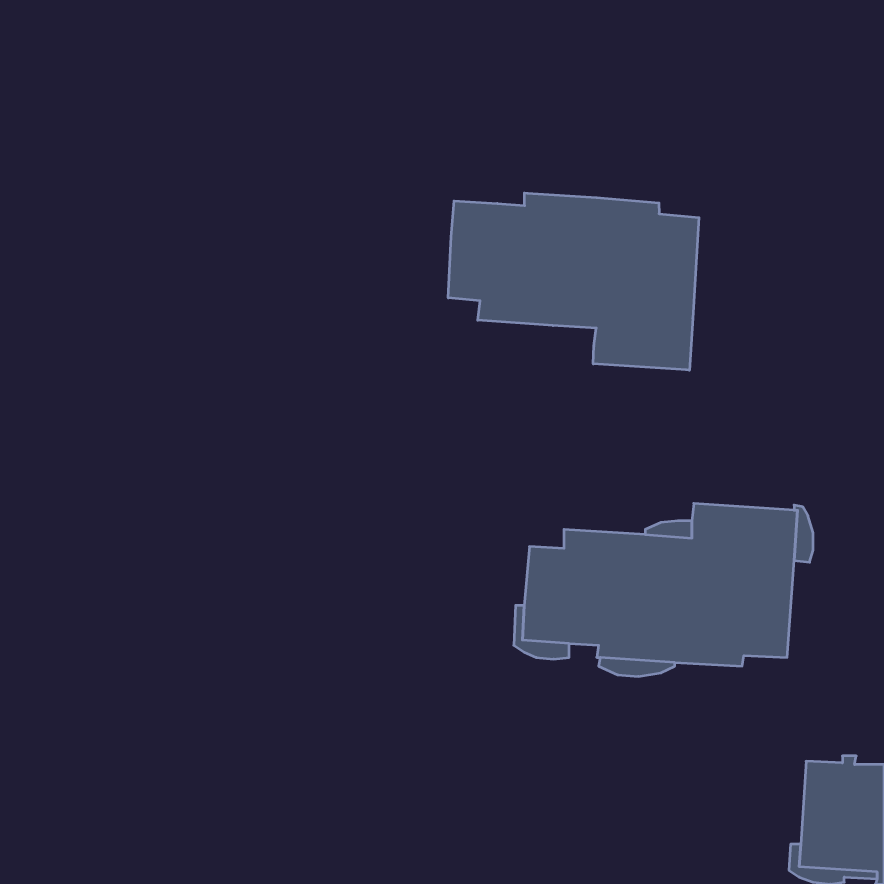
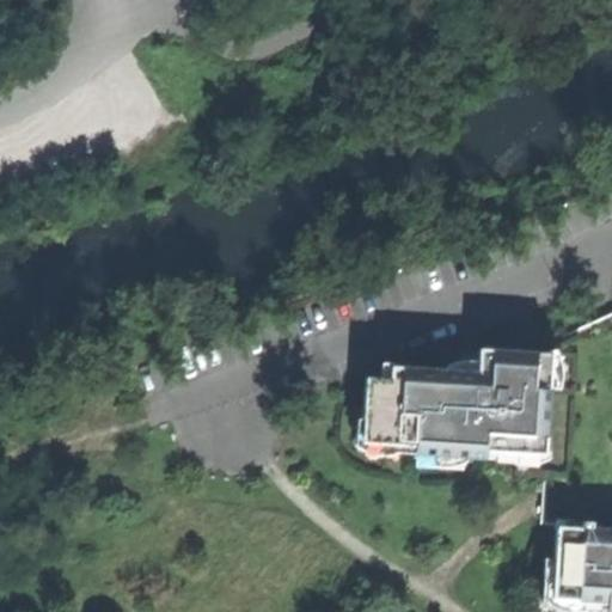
building: [448,193,699,370] -> none

